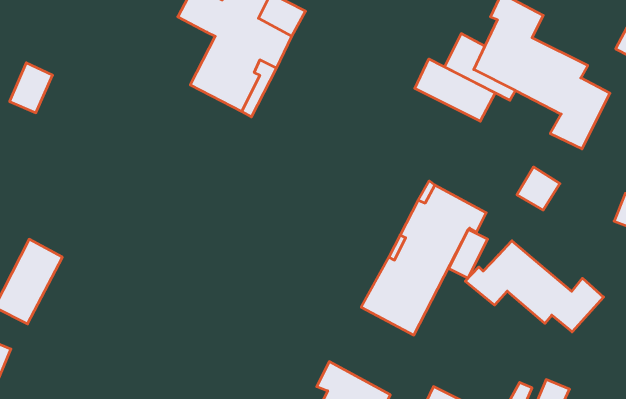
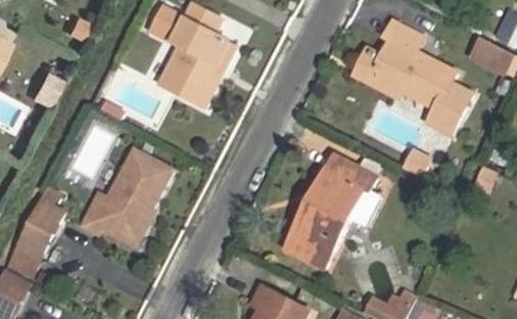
building: [415,59,495,121] -> none
building: none -> [80,150,169,245]
building: [465,241,604,332] -> none

